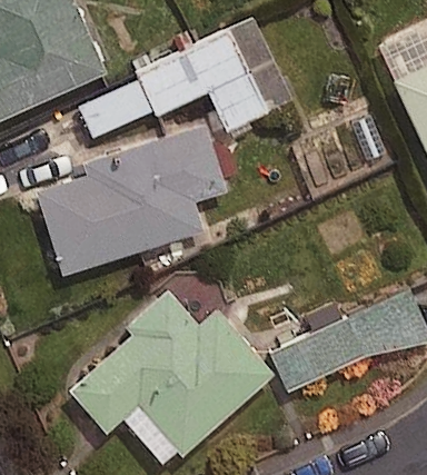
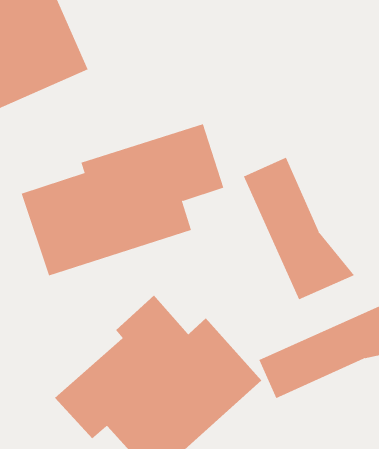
building: [77,17,291,139] -> none
building: none -> [243,157,355,300]

